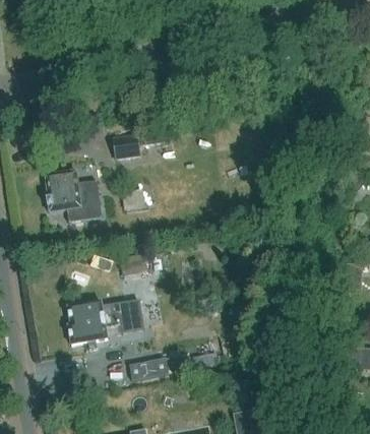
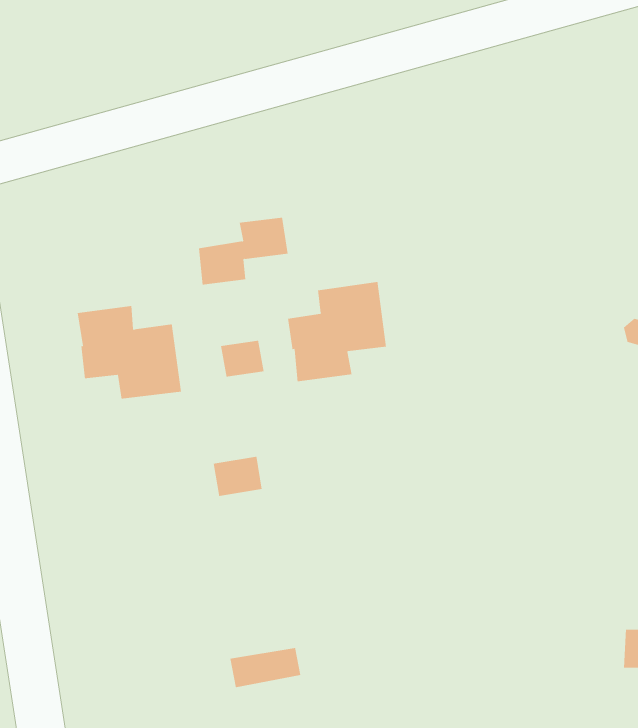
building: none -> [287,281,386,382]
building: [69,300,143,350] -> none

